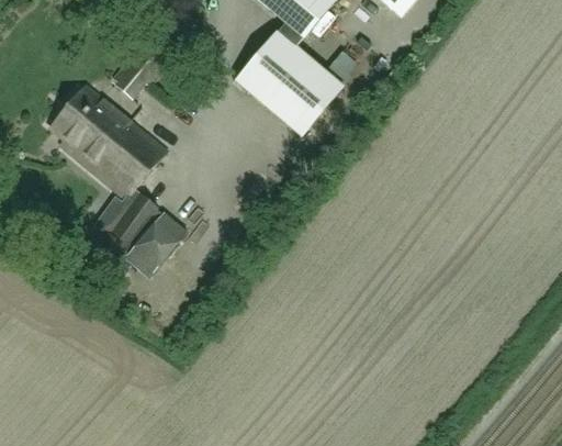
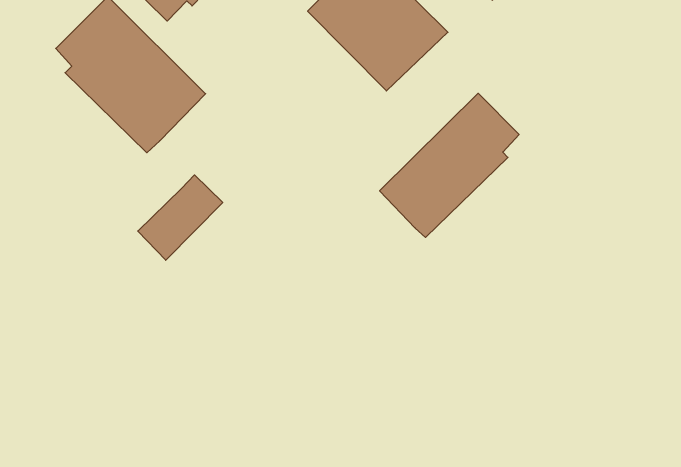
building: none -> [380,93,519,237]
building: [89,189,158,265] -> none

